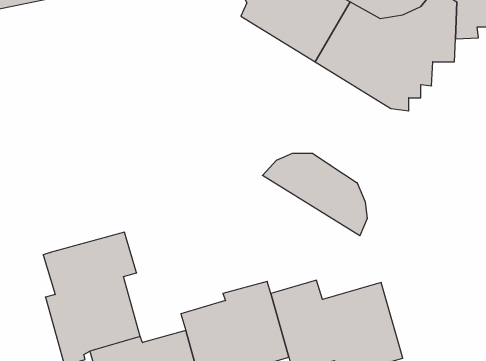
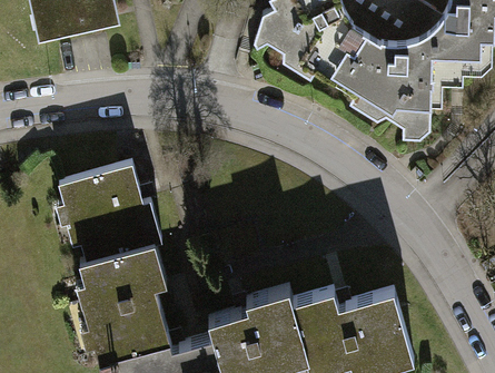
building: none -> [57,167,161,266]
building: [262,153,367,236] -> none

